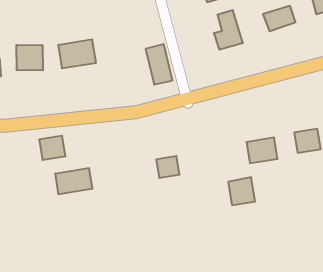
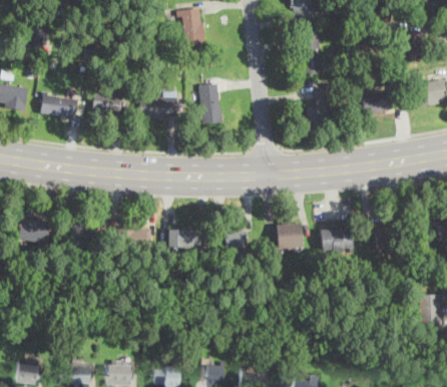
building: [146,44,172,85] -> [199,82,222,123]
building: [39,136,66,160] -> [72,224,97,246]
building: none -> [168,230,201,248]
building: [228,177,255,205] -> [278,223,303,249]

